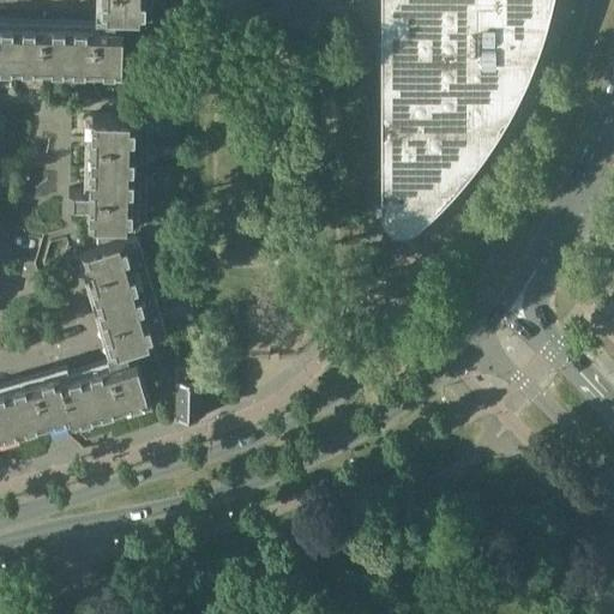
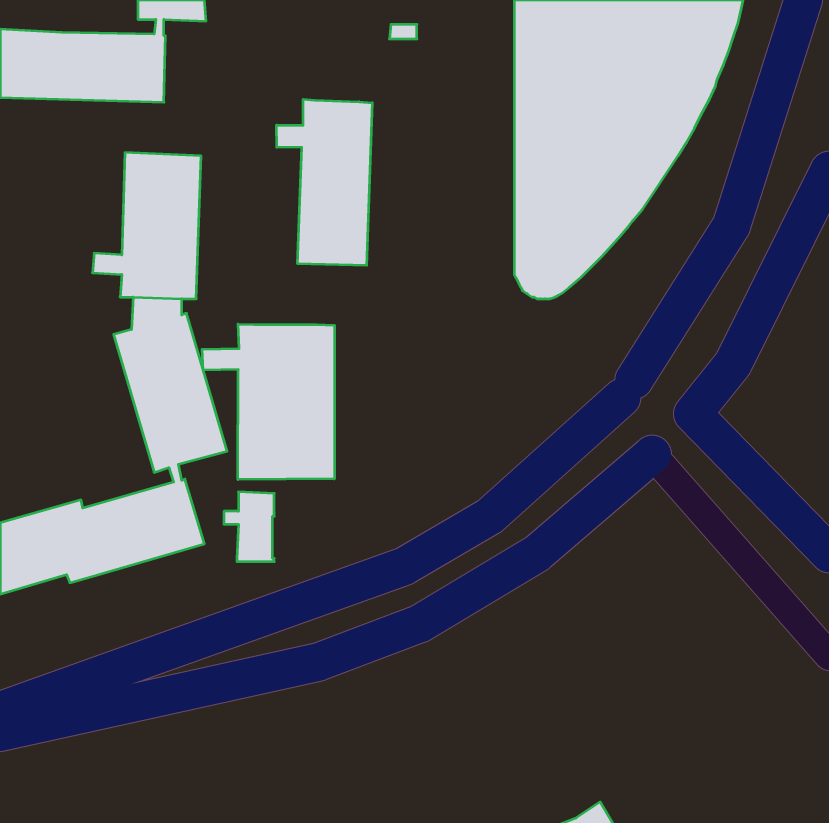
building: none -> [277,99,372,265]
building: none -> [202,324,334,480]

